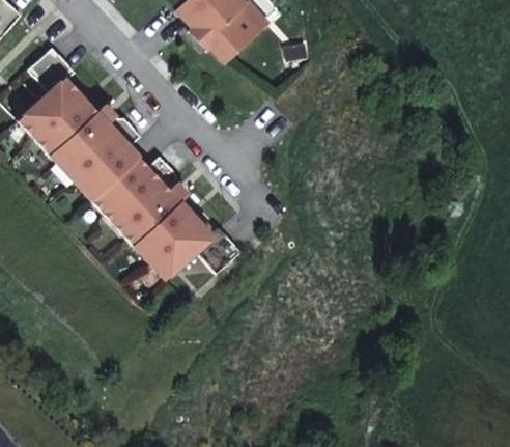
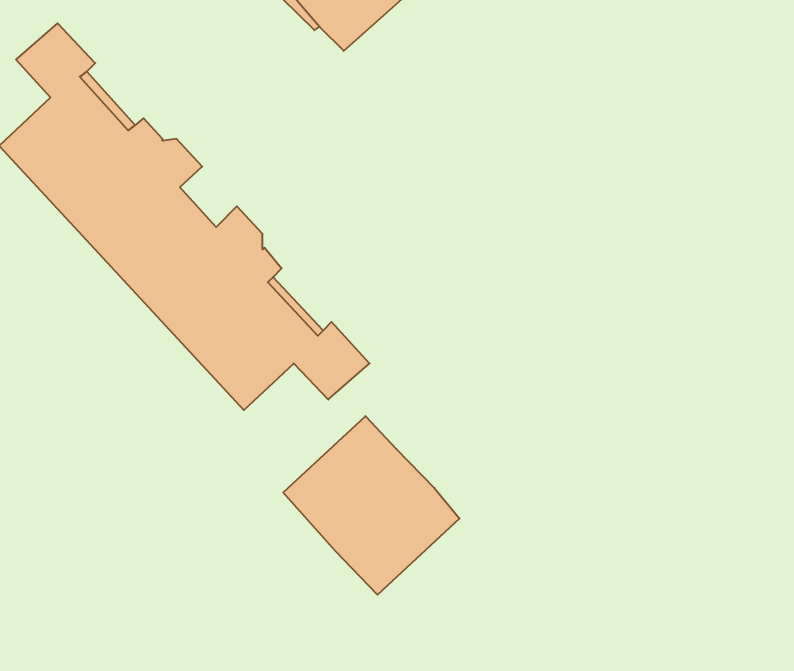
building: none -> [283,416,460,595]

